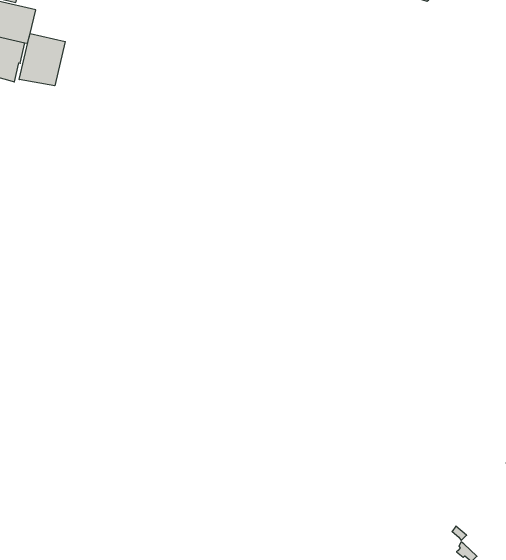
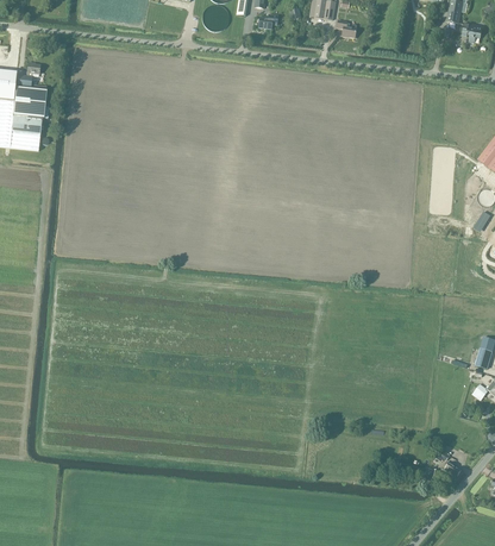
building: [19,34,65,86] -> none

